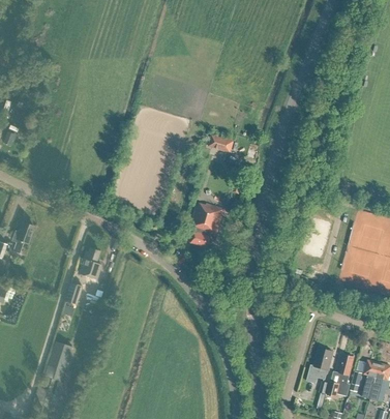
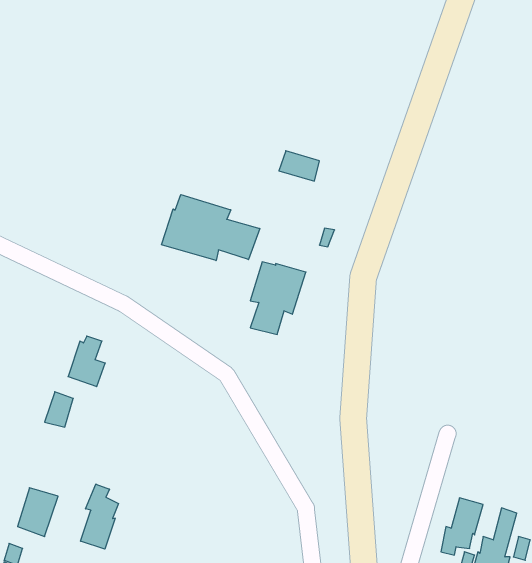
building: none -> [161,195,260,261]
building: none -> [81,484,119,549]

